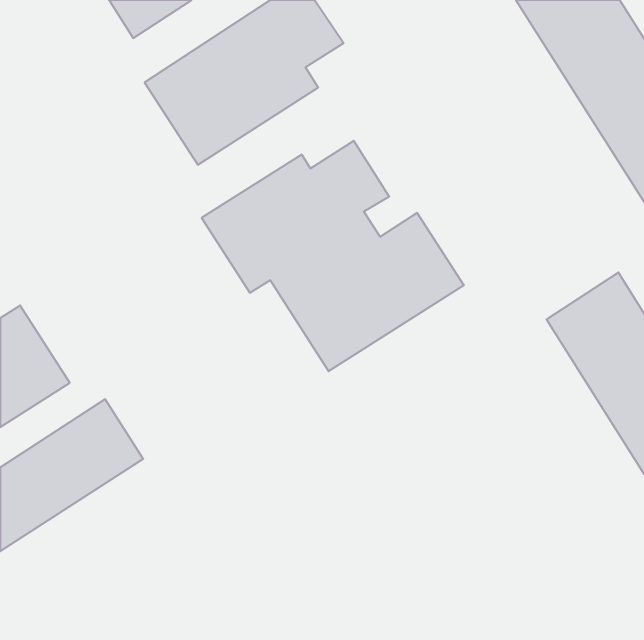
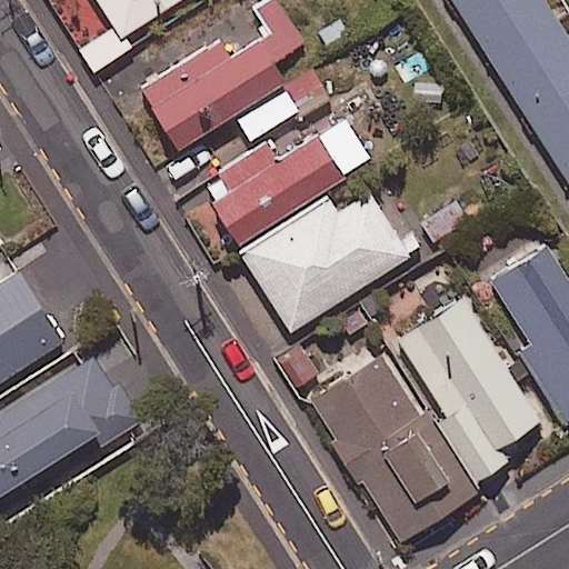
building: none -> [399,300,539,483]
building: none -> [310,356,463,543]

